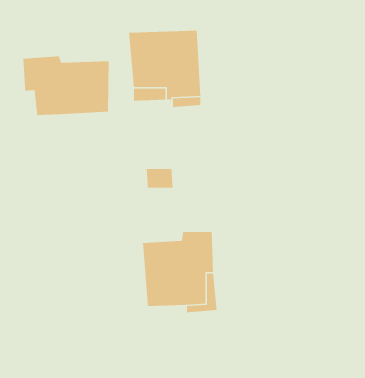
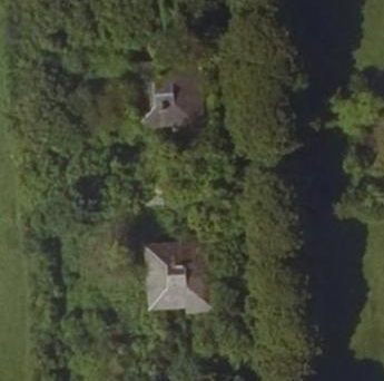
building: [23,55,109,116] -> none

